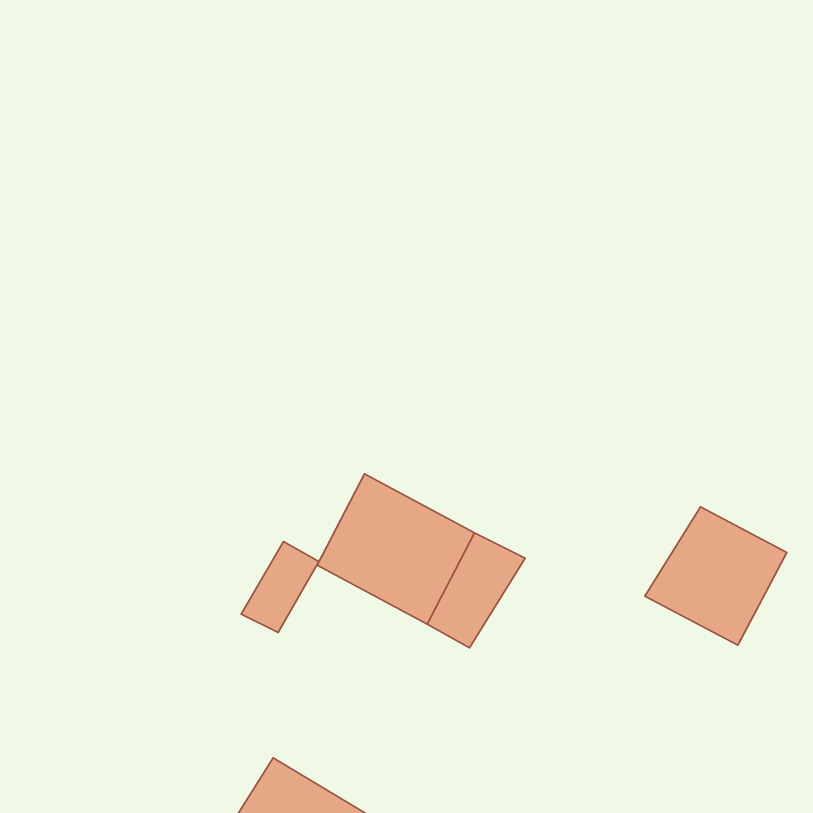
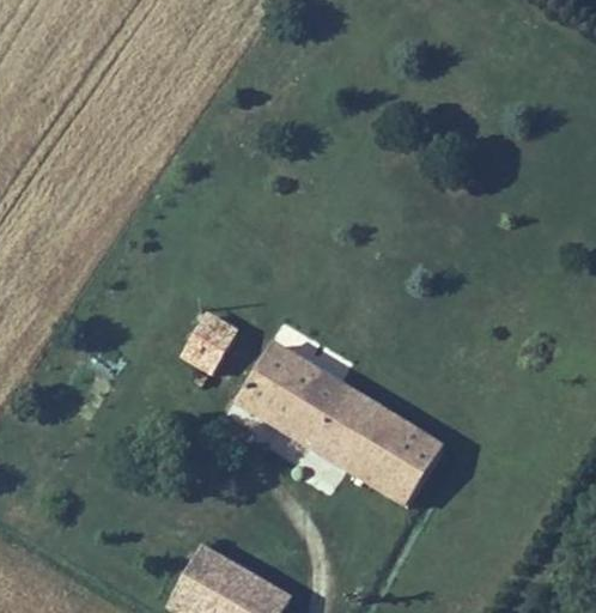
building: [645,507,787,645] -> [343,405,444,503]
building: [241,541,319,633] -> [177,322,232,387]

